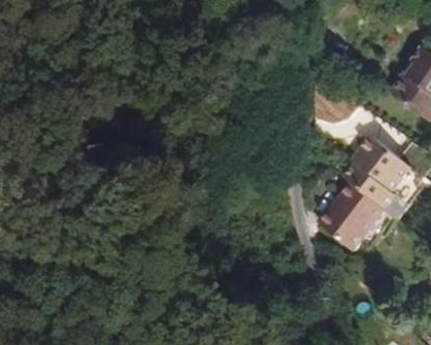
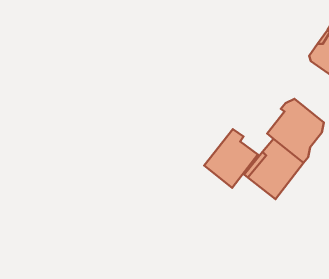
building: none -> [204,129,258,188]

